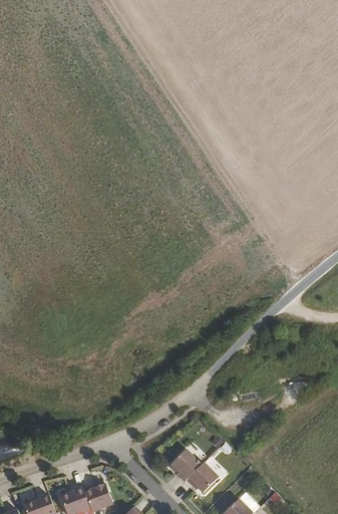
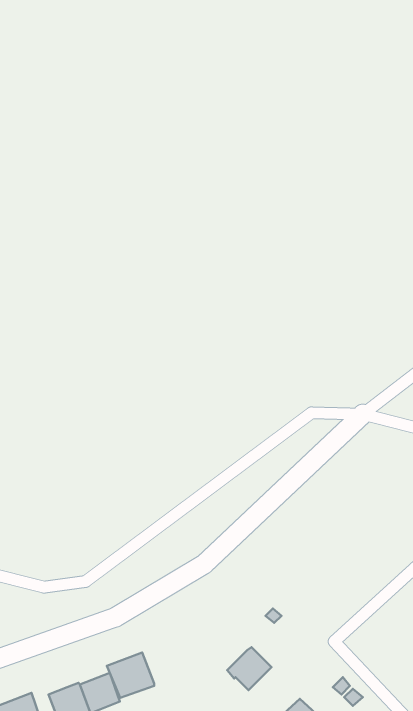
building: [168,450,201,482] -> none
building: none -> [107,653,154,698]

